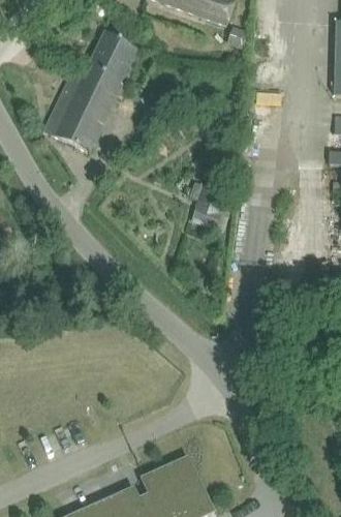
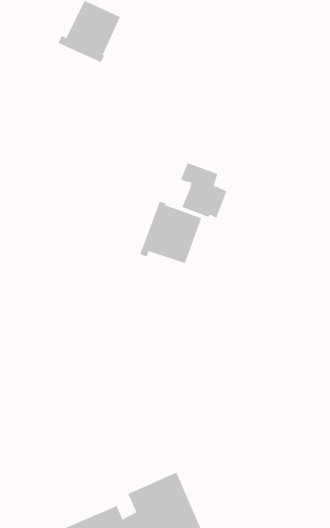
building: [43,67,119,151] -> none
building: none -> [139,201,202,264]

